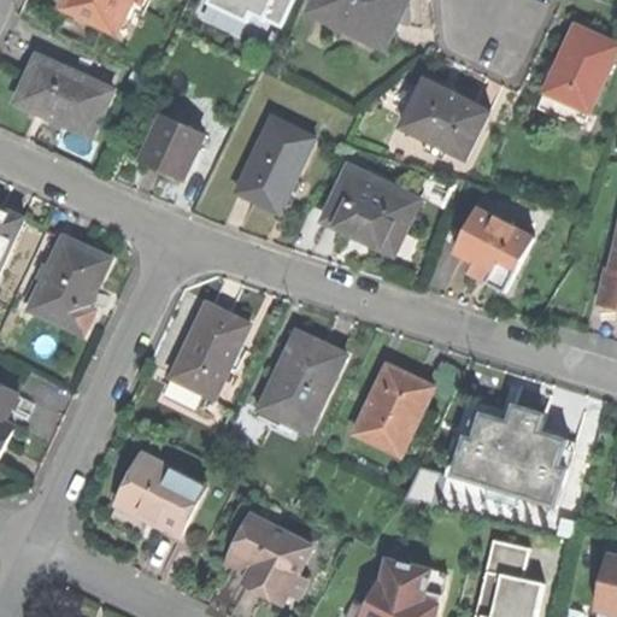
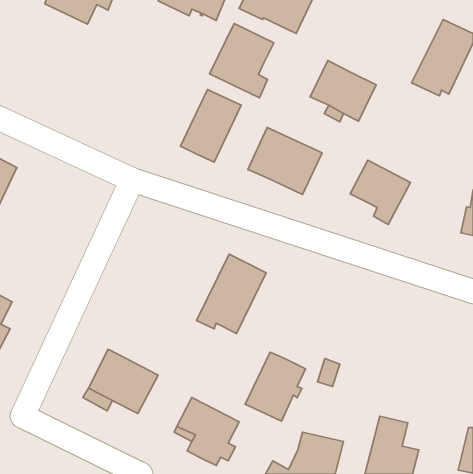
building: none -> [210,24,274,98]
building: [14,53,111,136] -> none
building: [140,114,201,177] -> none
building: [28,235,108,333] -> none
building: [169,302,248,396] -> none
building: [353,364,431,453] -> [245,352,306,421]
building: [451,410,574,506] -> none

